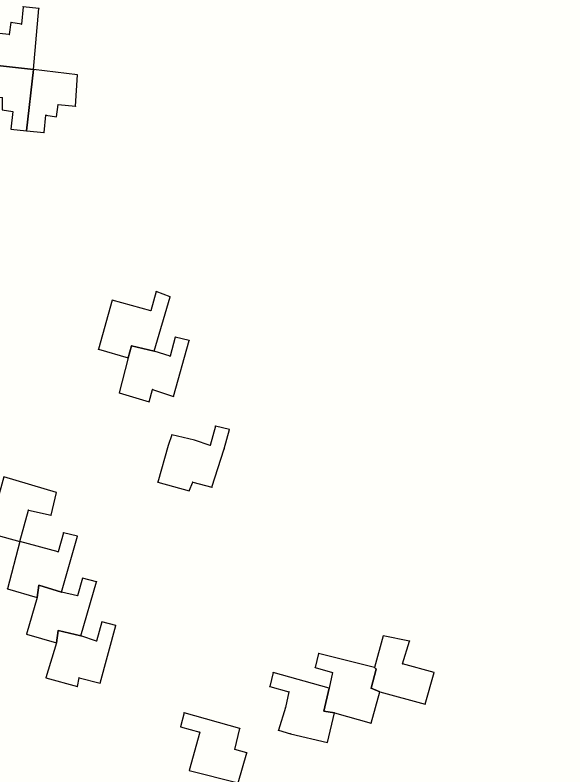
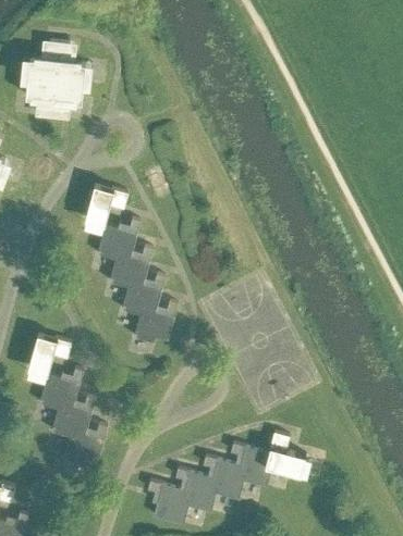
building: none -> [56,42,85,84]
building: none -> [85,184,127,224]
building: none -> [121,274,164,314]
building: none -> [175,469,216,512]

